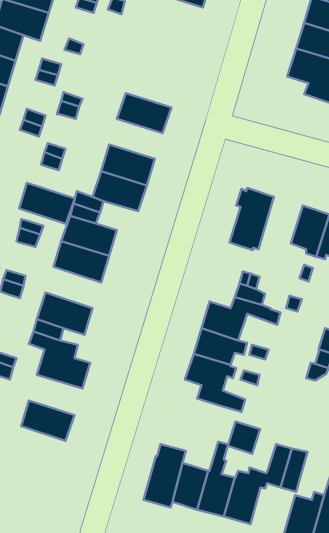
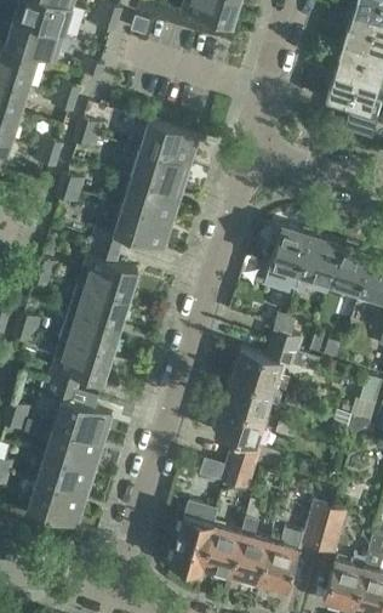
building: none -> [132,148,190,192]
building: [19,183,75,224] -> [63,310,124,354]
building: none -> [295,233,343,295]
building: none -> [45,427,103,471]
building: [228,421,260,454] -> [219,453,255,488]
building: none -> [27,483,85,528]

